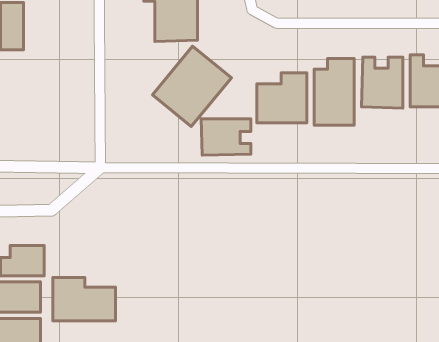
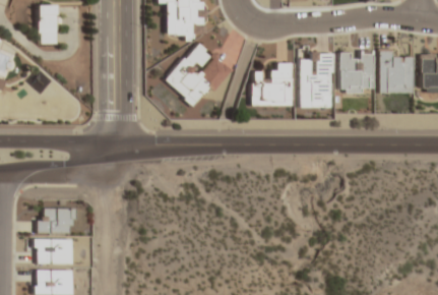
building: [201,119,251,155] -> none
building: [53,278,115,321] -> none

